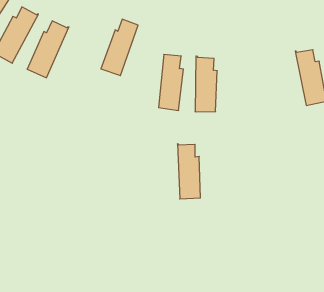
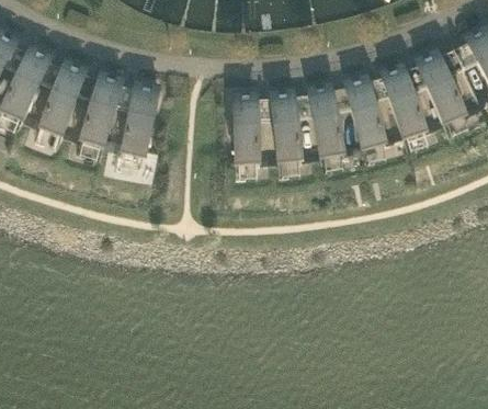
building: [101,19,138,76] -> [123,87,158,150]
building: none -> [344,80,384,144]
building: [177,144,200,199] -> [308,88,342,151]

